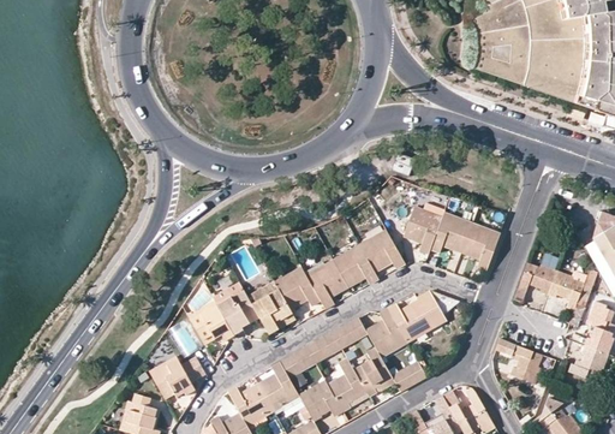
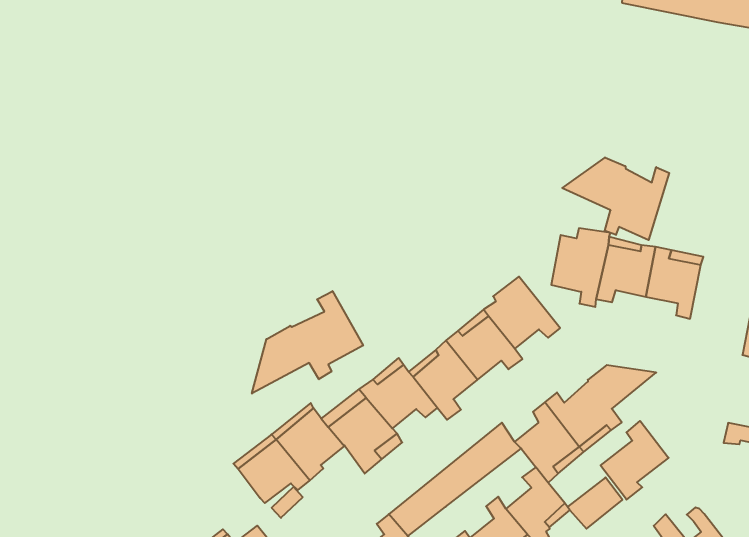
building: none -> [562,157,669,240]
building: none -> [252,291,363,394]
building: none -> [601,421,669,500]

